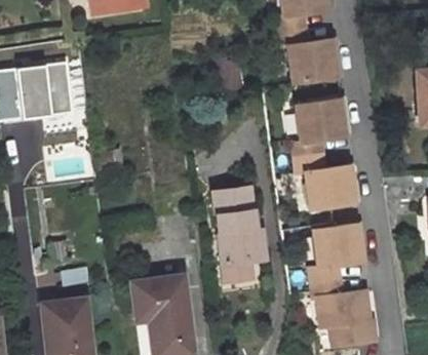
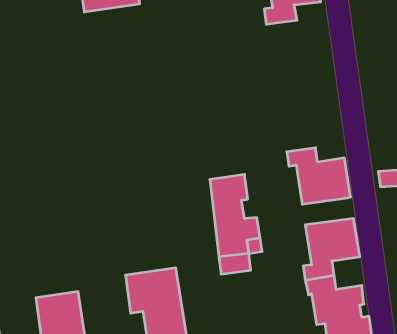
building: [272,29,337,85] -> none
building: [11,61,69,114] -> none
building: [289,100,346,160] -> none

